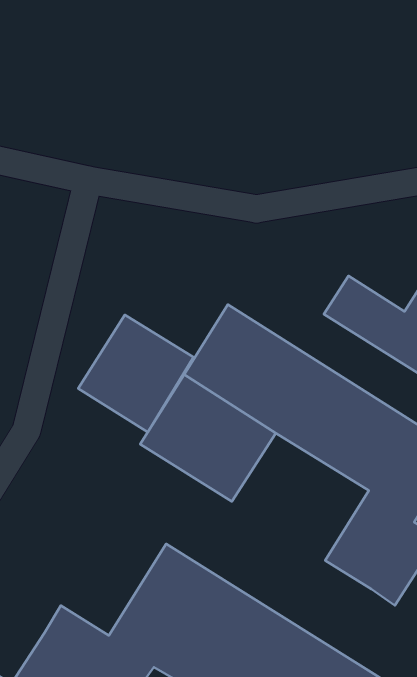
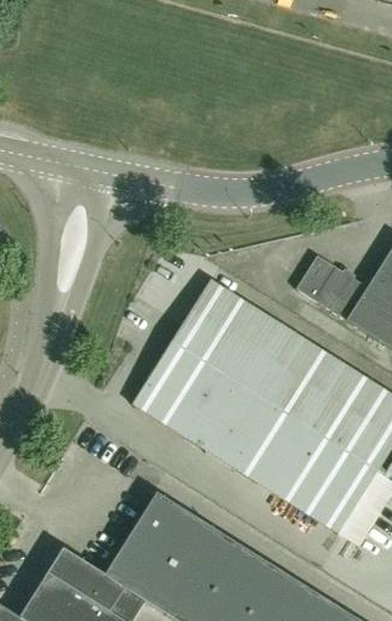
building: [78,315,194,432] -> none
building: none -> [214,394,335,507]

